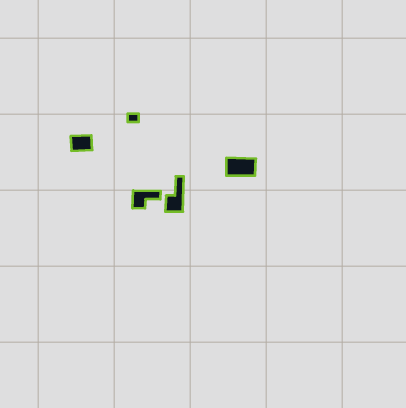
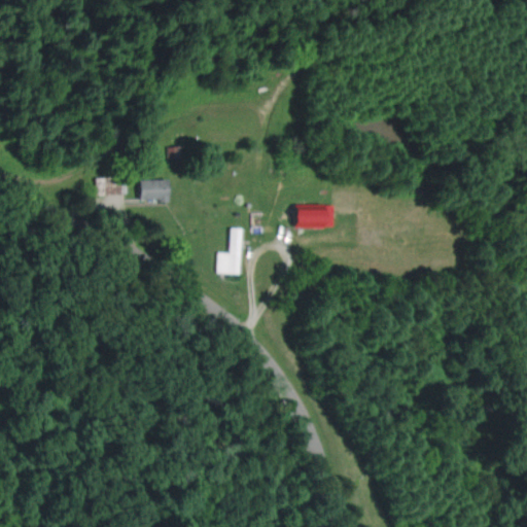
building: none -> [140,180,169,201]
building: [133,190,161,208] -> none

